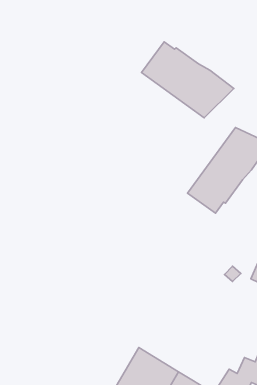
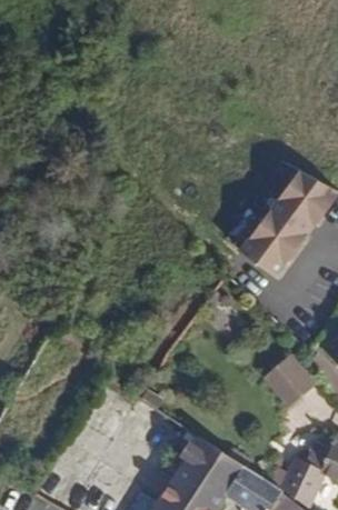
building: [141,42,234,118] -> none
building: none -> [267,360,318,412]

